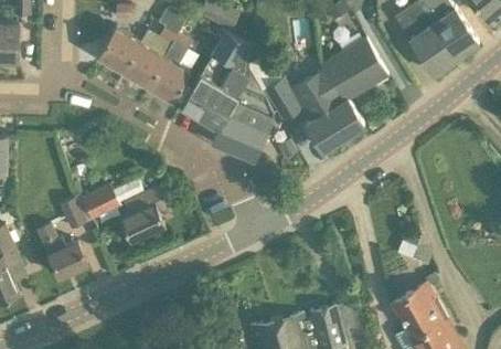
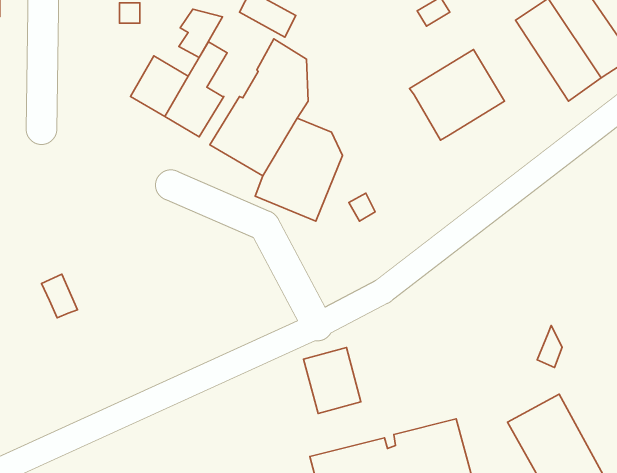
building: [98,29,140,73] -> none
building: [253,57,364,151] -> none
building: [82,186,121,221] -> none
building: [120,189,167,244] -> none
building: [39,225,87,278] -> none
building: none -> [304,347,361,414]

